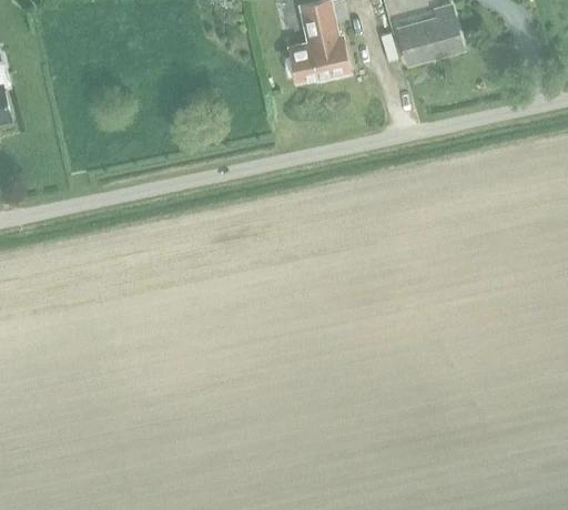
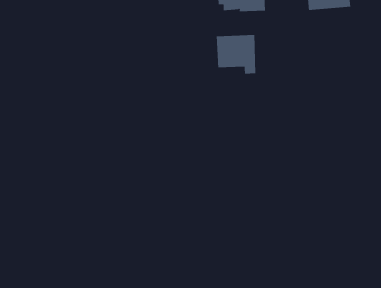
building: none -> [216,34,256,74]

